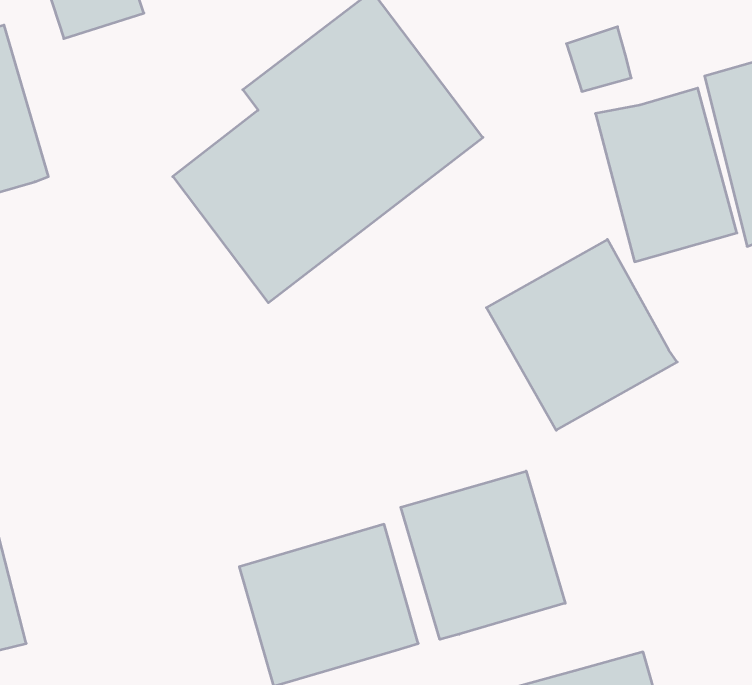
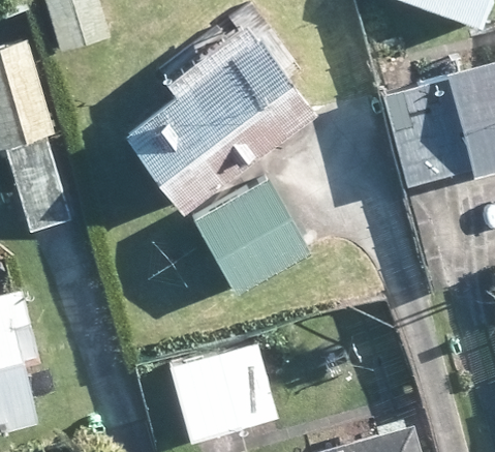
building: [486,239,677,430] -> [197,178,313,294]
building: [401,471,565,639] -> none

